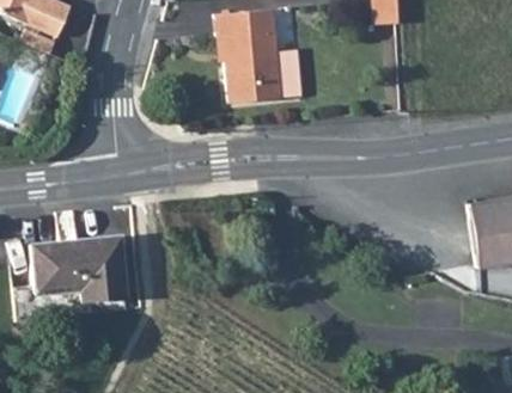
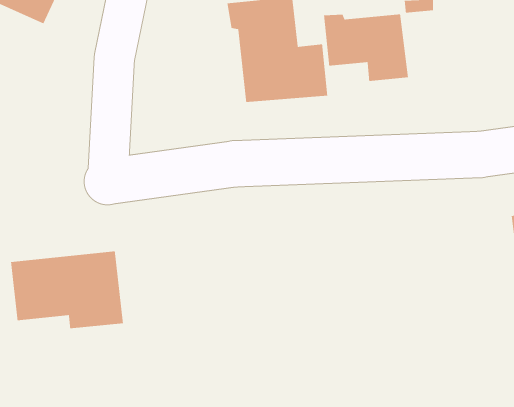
building: none -> [323,14,409,82]

